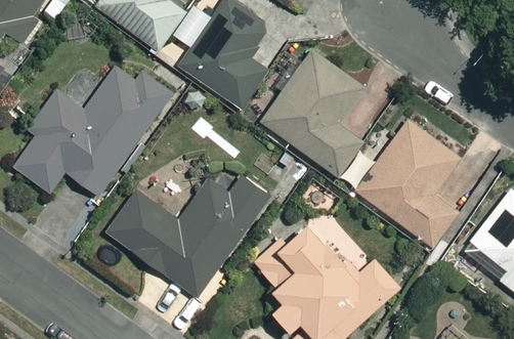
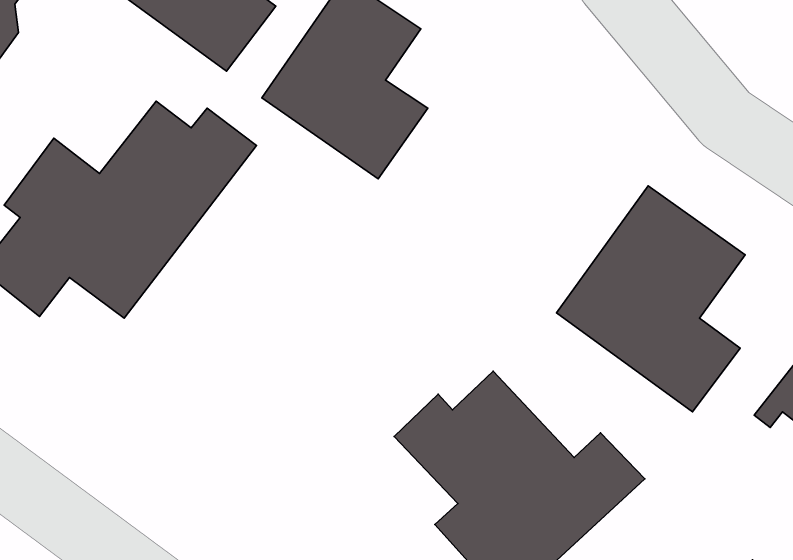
building: [254,47,361,178] -> none
building: [108,175,271,297] -> none

